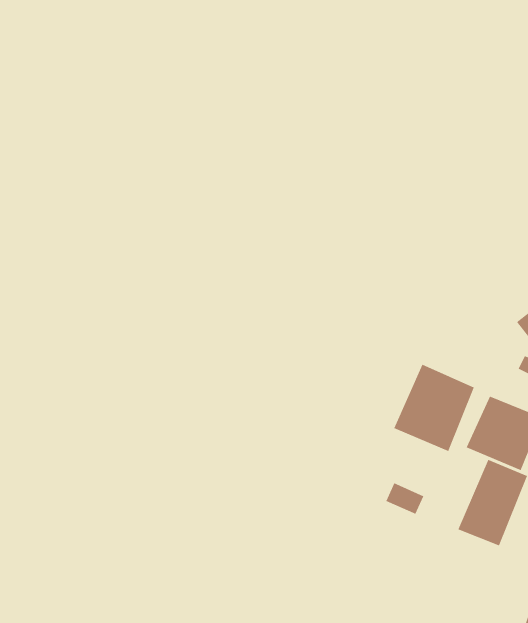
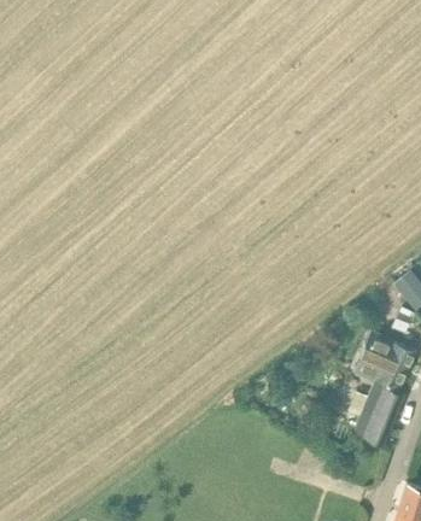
building: [394,364,475,452] -> none

